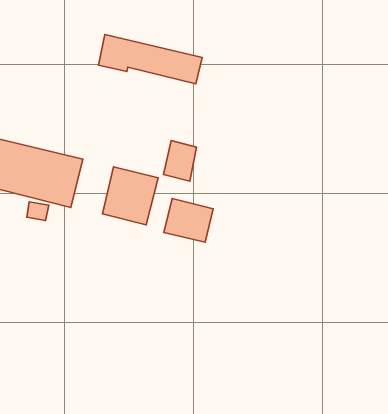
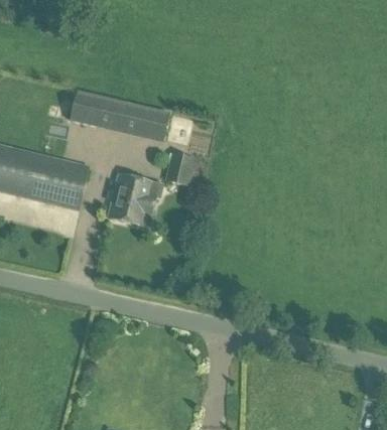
building: [98,34,202,84] -> [74,93,169,138]
building: [164,198,213,242] -> none

